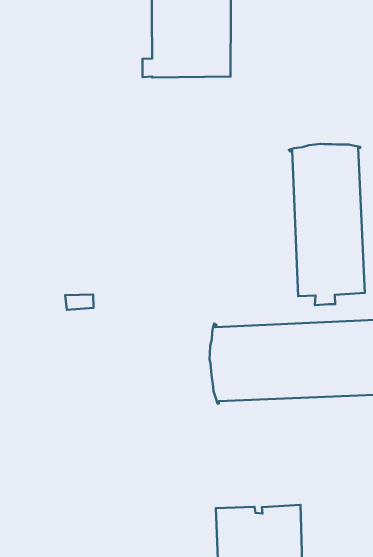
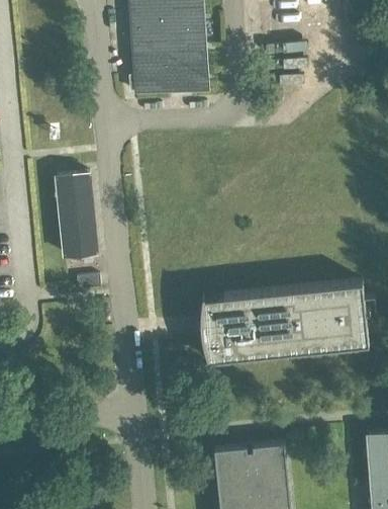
building: [289,144,365,305] -> none
building: none -> [56,174,97,265]

